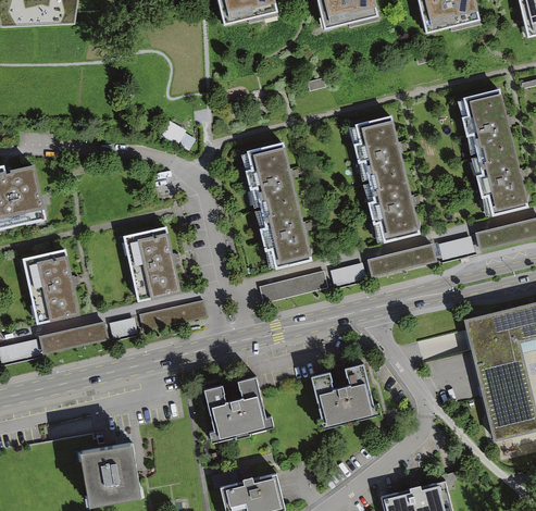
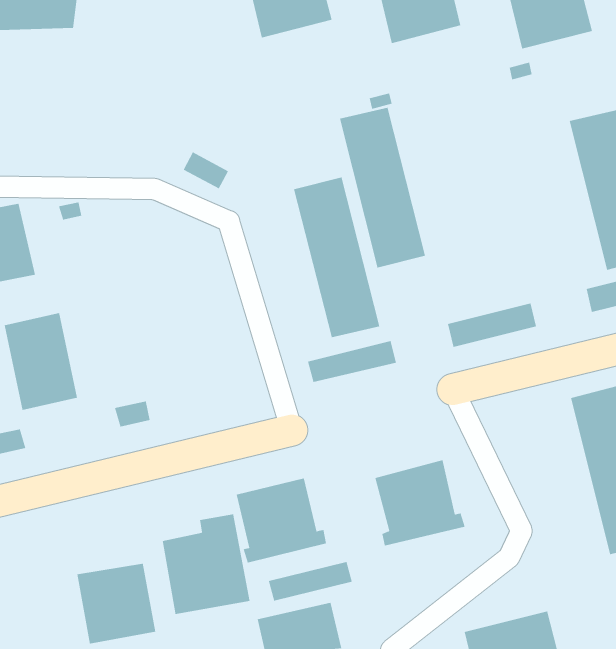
building: [356,117,423,242] -> [339,107,426,268]
building: [123,225,180,301] -> none
building: [437,235,473,259] -> none
building: [329,261,365,285] -> none
building: [138,299,207,331] -> none
building: [37,319,108,351] -> none
building: none -> [162,514,250,615]
building: none -> [268,561,352,602]

